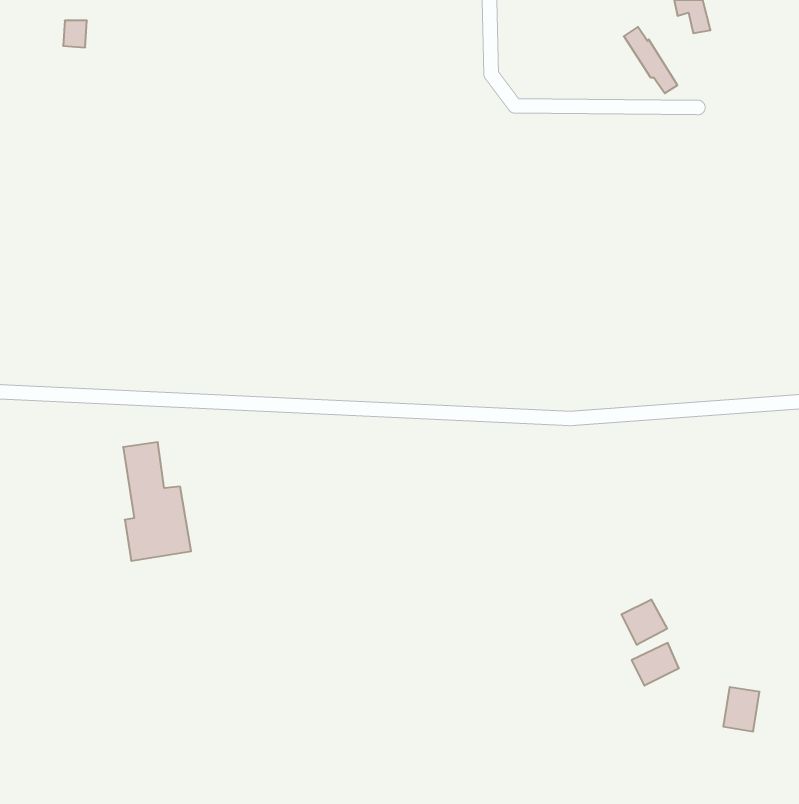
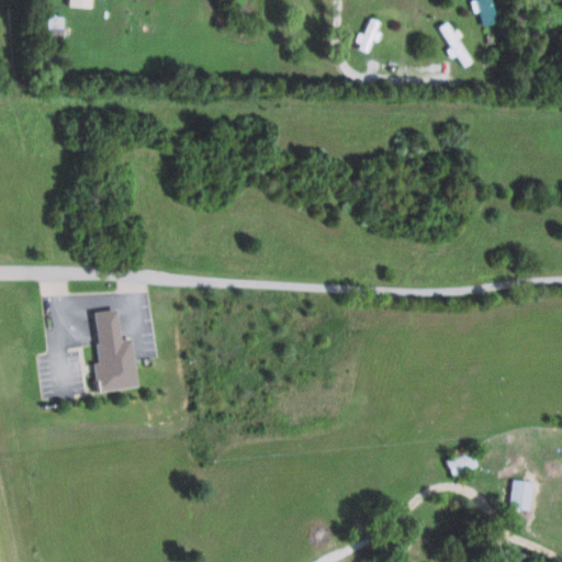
building: none -> [359,18,384,54]
building: [622,599,667,645] -> none

